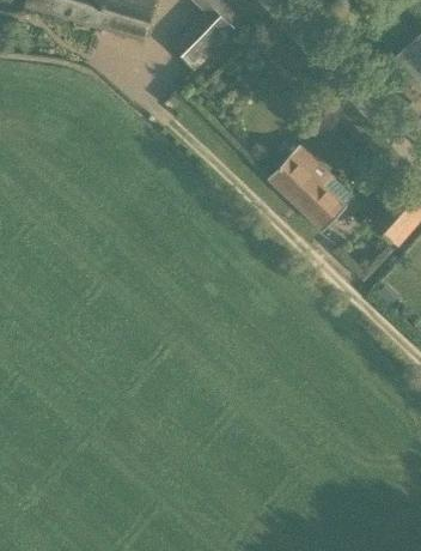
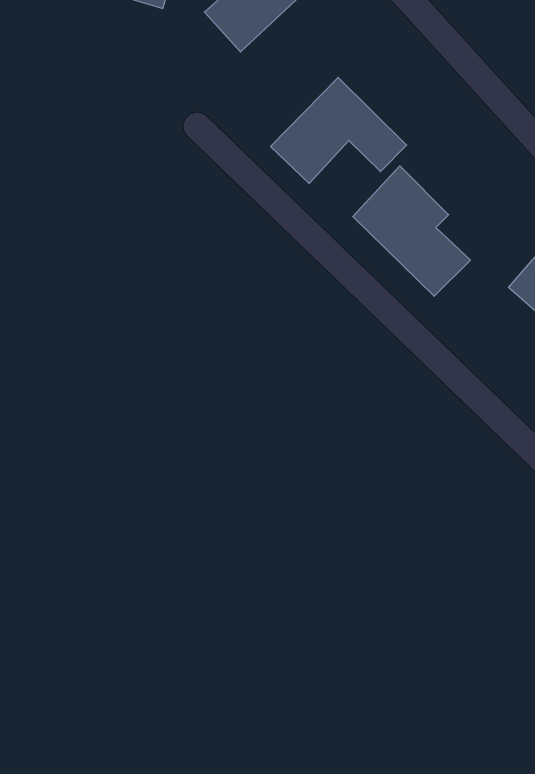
building: none -> [271,77,407,183]

